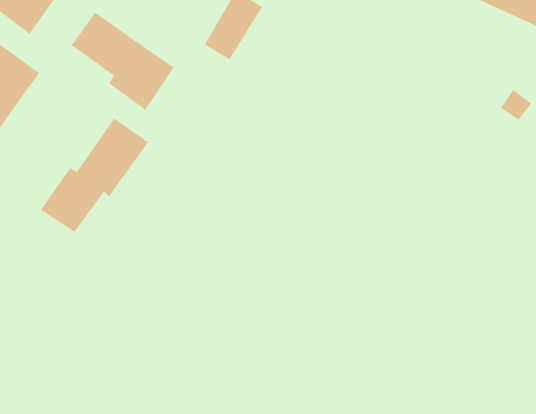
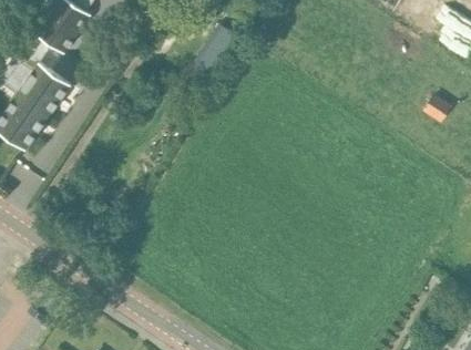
building: [71,12,175,110] -> none
building: [40,118,149,233] -> none

